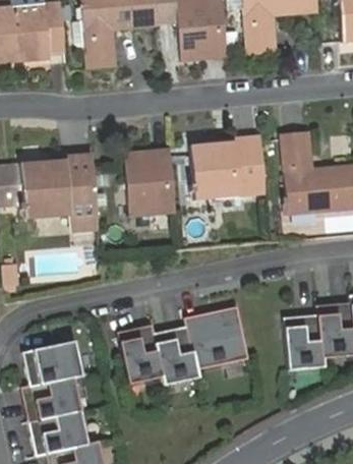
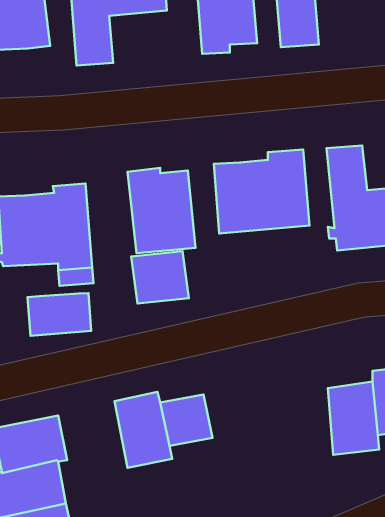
building: none -> [131,251,189,303]
building: none -> [28,293,91,336]
building: [183,306,247,367] -> none

